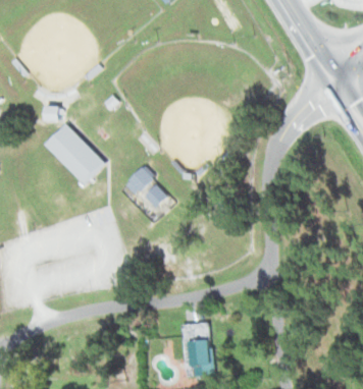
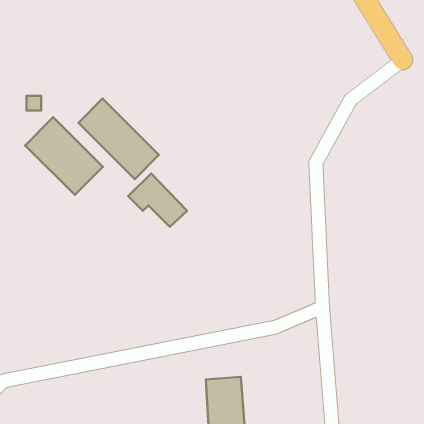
building: none -> [78,99,159,179]

